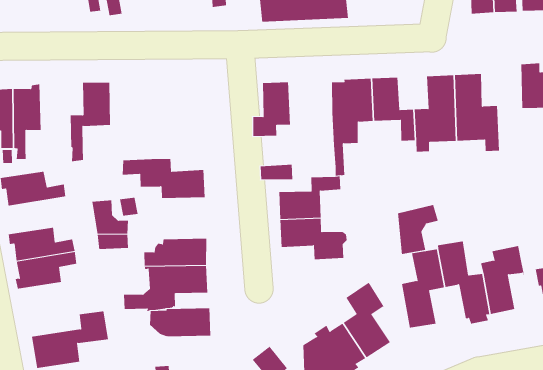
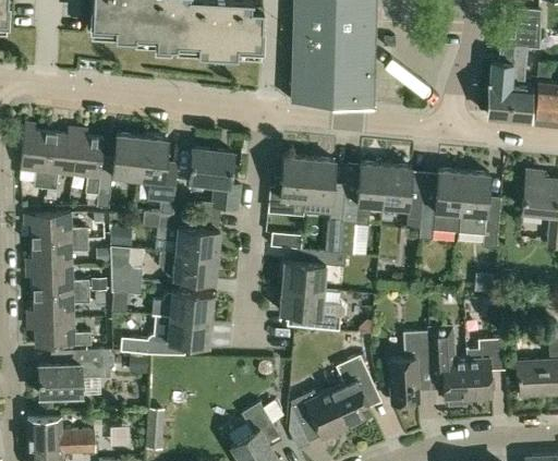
building: none -> [305,159,344,223]
building: none -> [137,138,175,215]
building: none -> [72,132,102,195]
building: none -> [189,149,241,210]
building: none -> [28,240,88,268]
building: [398,204,438,255] -> none
building: none -> [31,319,90,348]
building: [149,308,211,337] -> [158,253,217,283]

